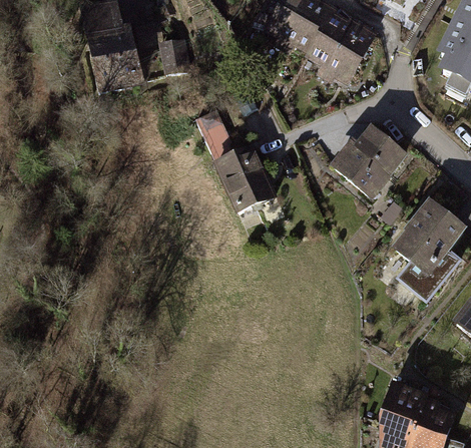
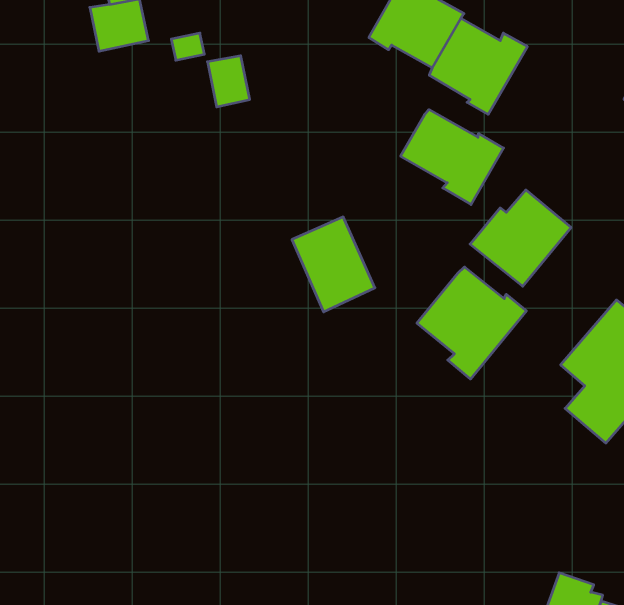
building: [88,30,137,91] -> none
building: none -> [401,110,504,205]
building: [195,110,234,163] -> none
building: none -> [417,267,526,379]

